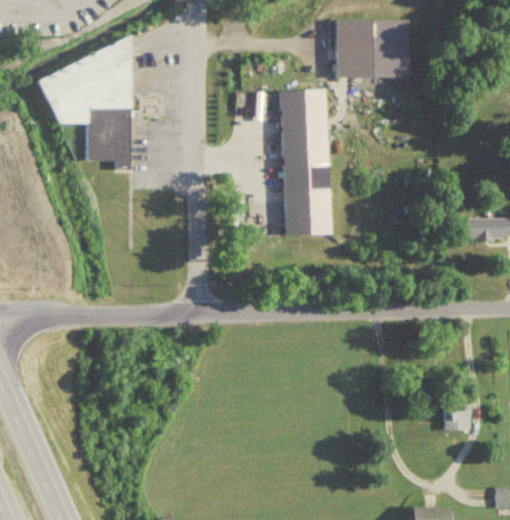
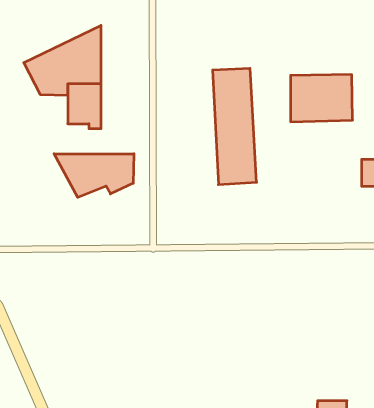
building: [332,17,410,77] -> [291,75,353,122]
building: none -> [54,154,134,197]
building: [443,405,470,433] -> none

